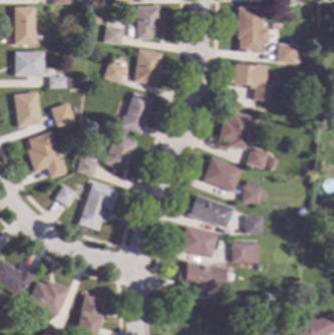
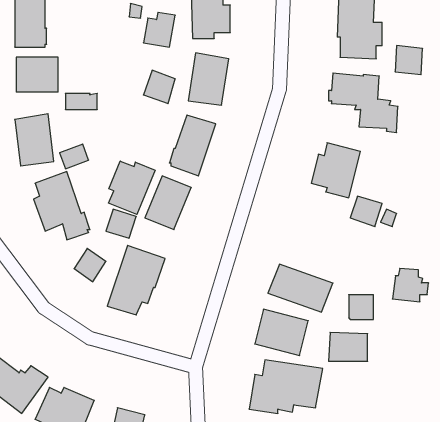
building: none -> [108,161,155,214]
building: [204,155,243,192] -> none
building: [242,181,267,204] -> [392,268,429,302]

